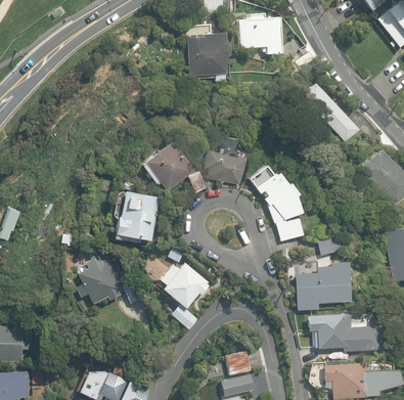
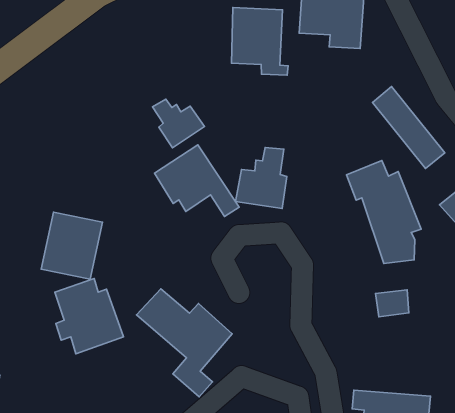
building: none -> [152,99,205,148]
building: [248,164,308,241] -> [347,161,421,264]
building: [116,193,159,241] -> [41,212,103,279]
building: [298,260,345,310] -> none

